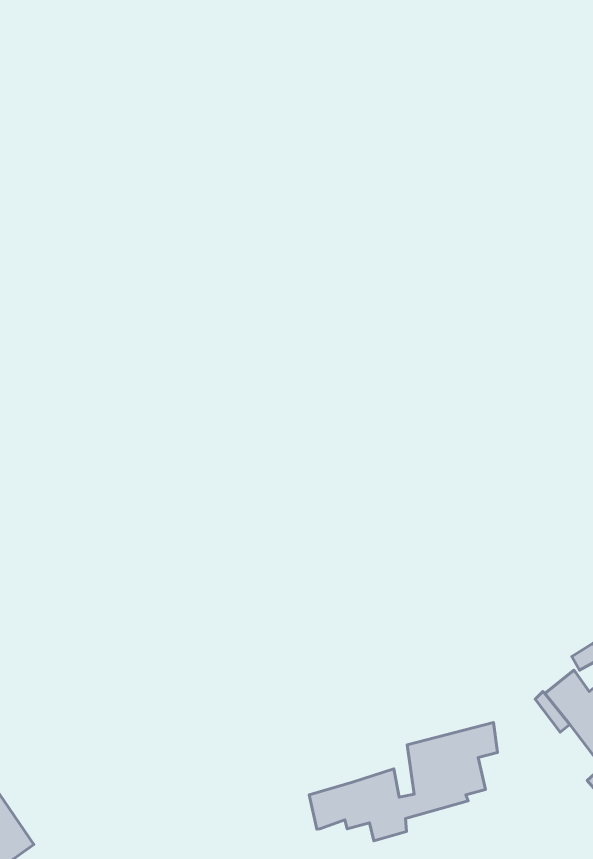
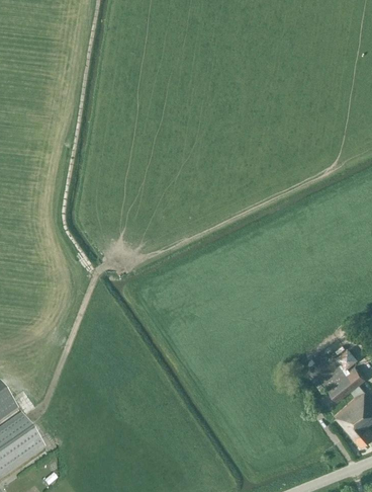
building: [309,723,498,841] -> none

